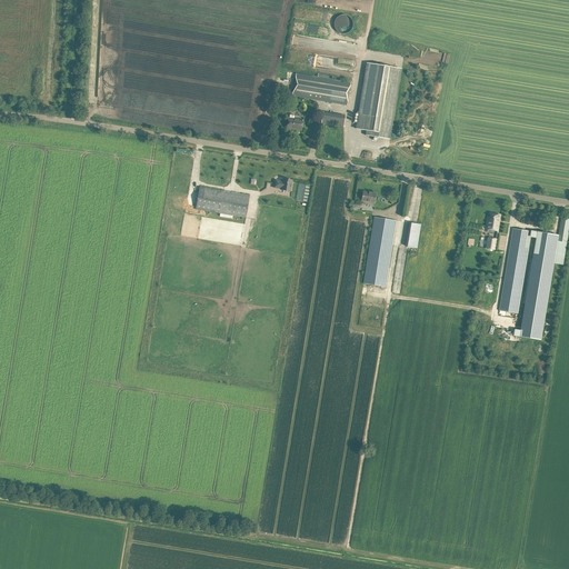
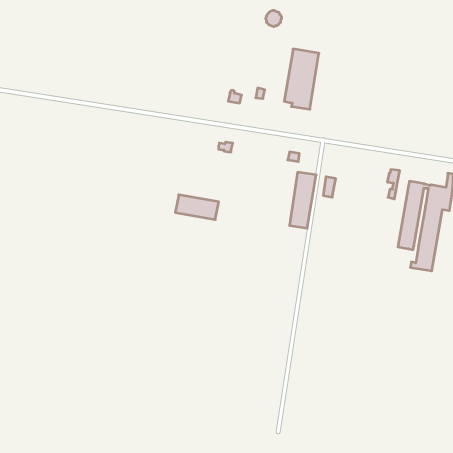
building: [291,70,350,104] -> none
building: [194,186,249,217] -> [175,195,219,220]

